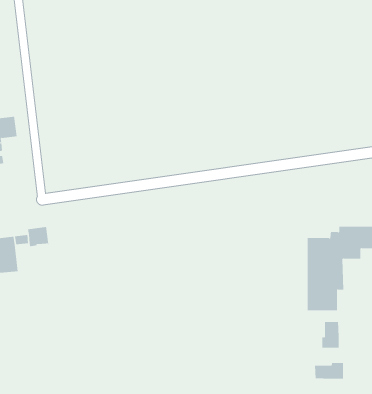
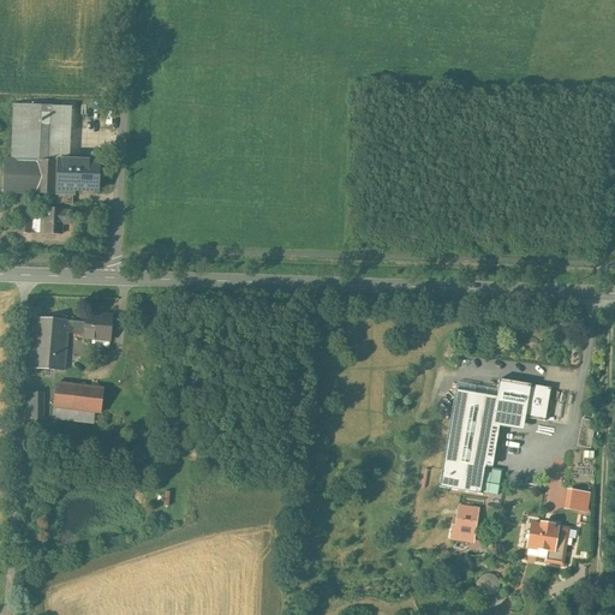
building: none -> [54,381,105,411]
building: [315,362,344,379] -> none

